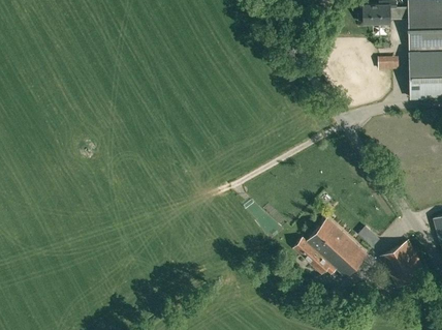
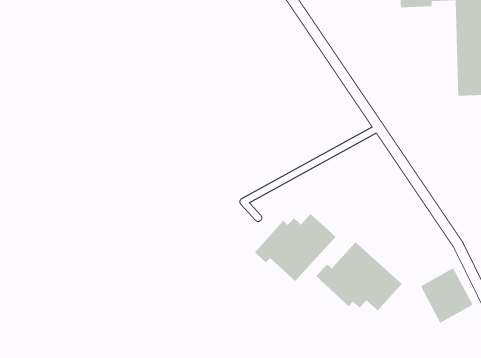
building: none -> [254,213,337,282]

